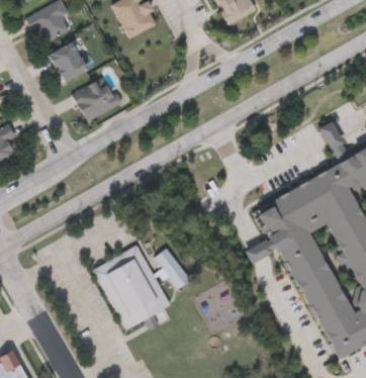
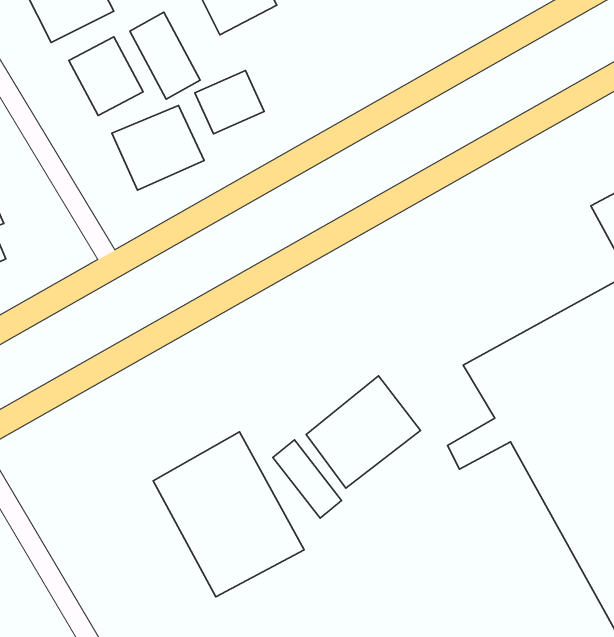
building: none -> [130,12,200,99]
building: none -> [195,70,264,134]
building: none -> [306,376,420,488]

